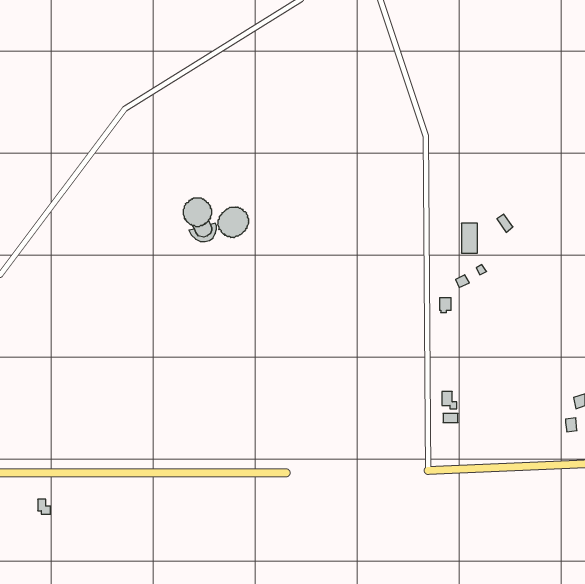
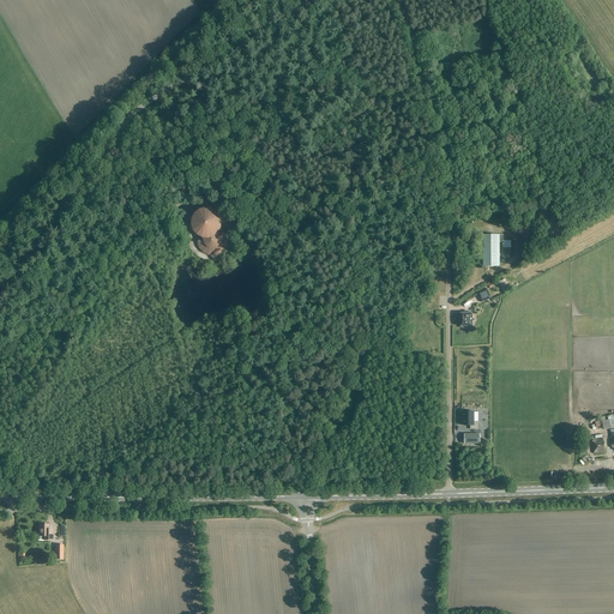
building: [218,207,249,238] -> none

